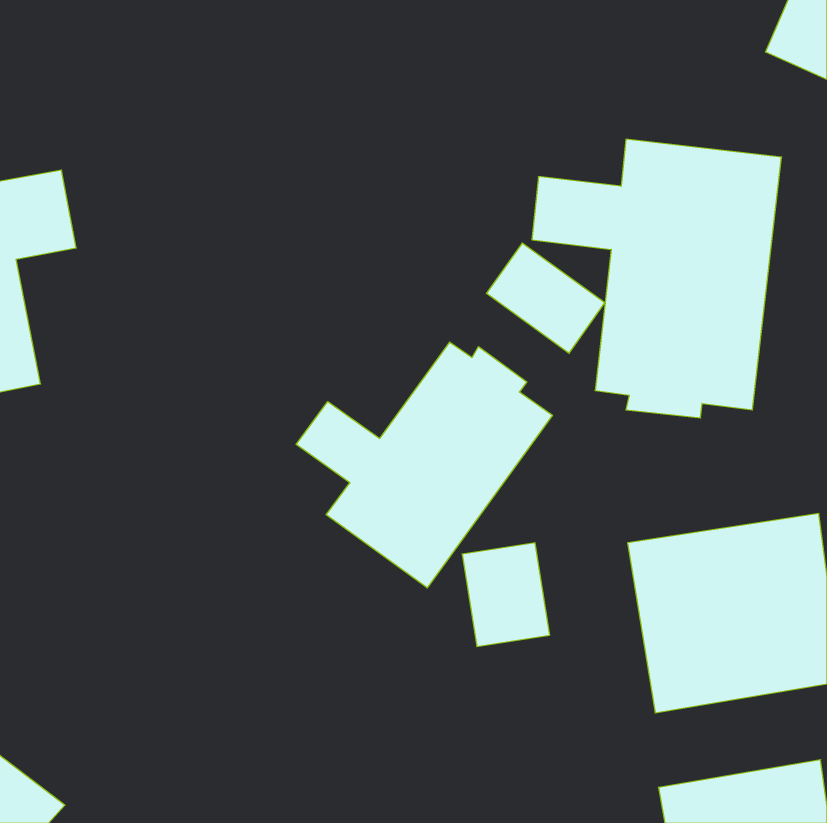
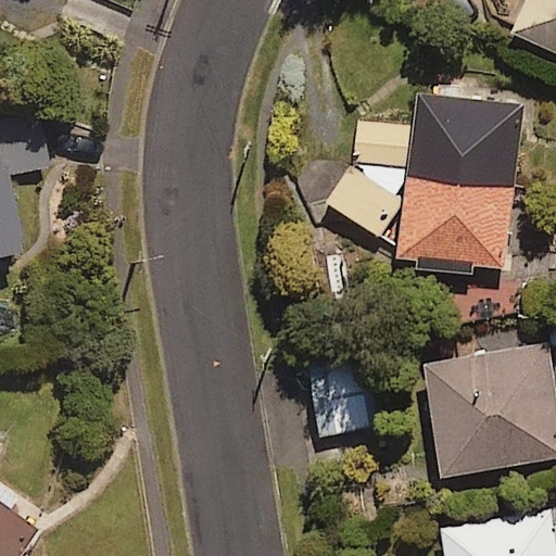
building: [296,342,552,588] -> none

